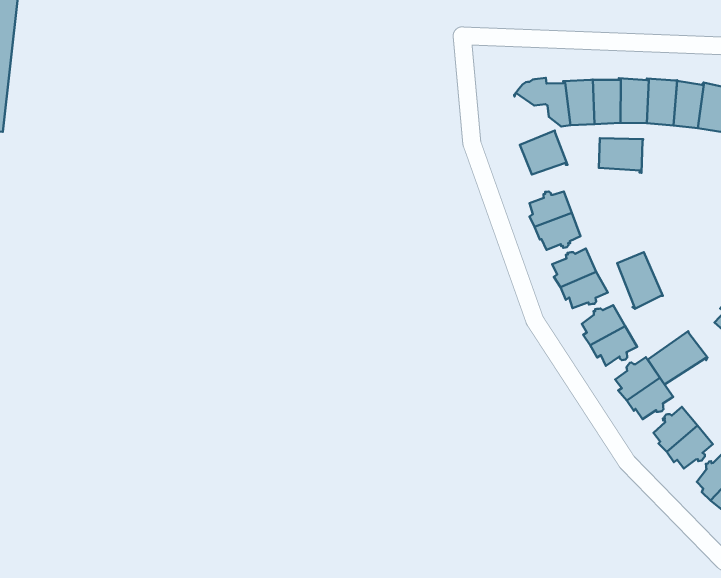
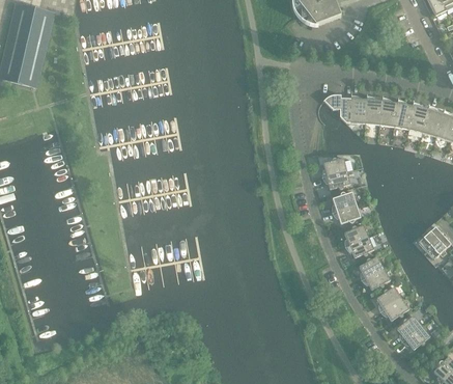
building: [520,131,568,175] -> none
building: [599,138,643,173] -> none
building: [617,252,663,309] -> none
building: [648,331,708,384] -> none

